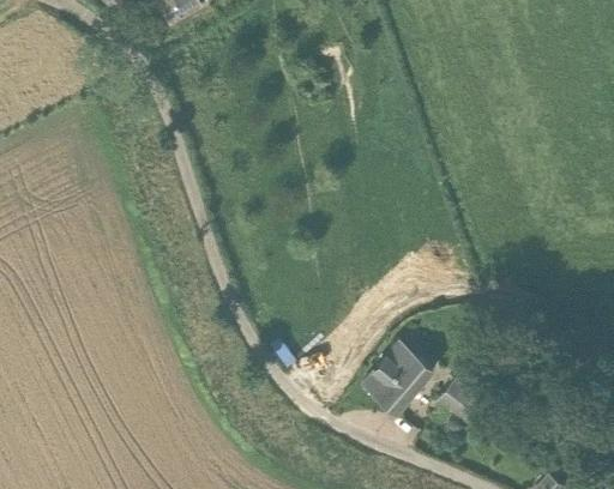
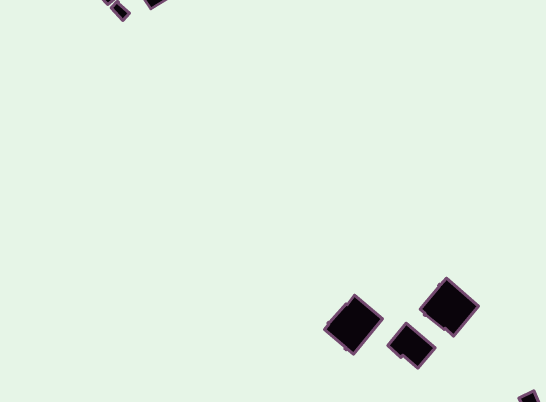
building: none -> [420,278,479,336]

